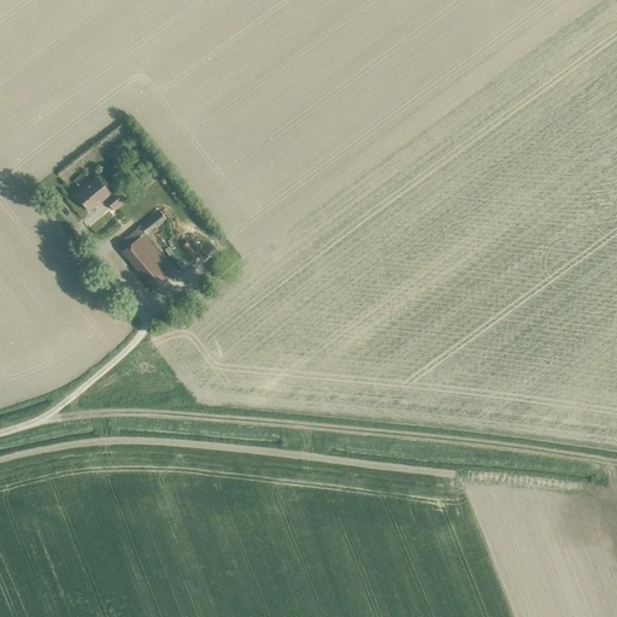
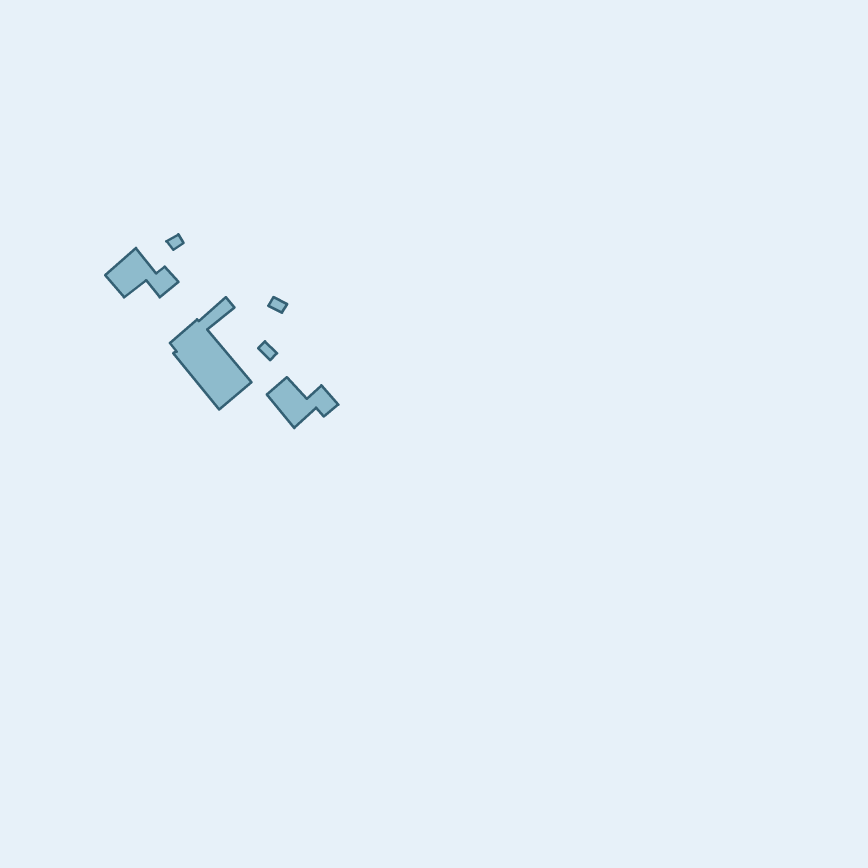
building: none -> [267,377,338,428]

